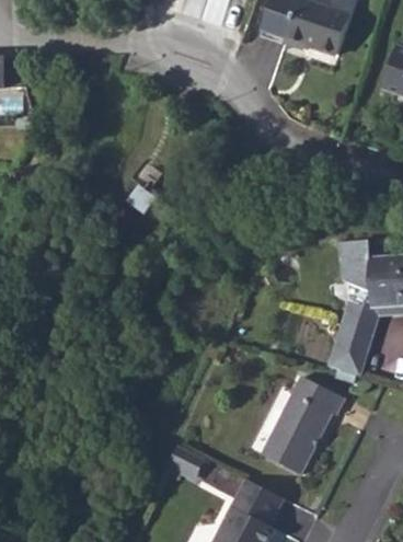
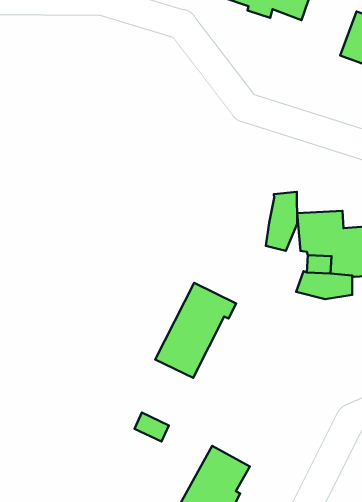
building: none -> [266,192,297,251]
building: [322,325,362,372] -> none
building: [261,378,343,474] -> [155,283,236,378]

